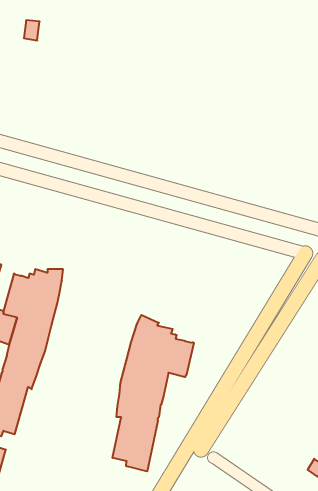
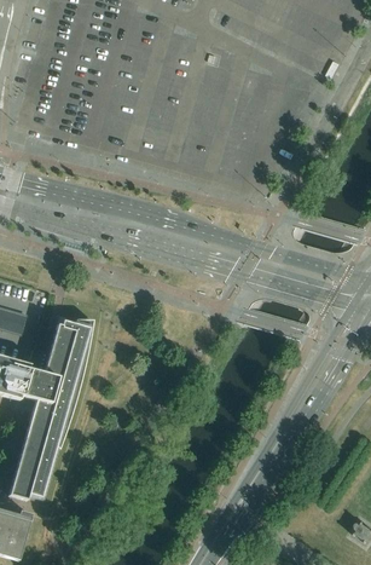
building: [113,315,194,471] -> none

